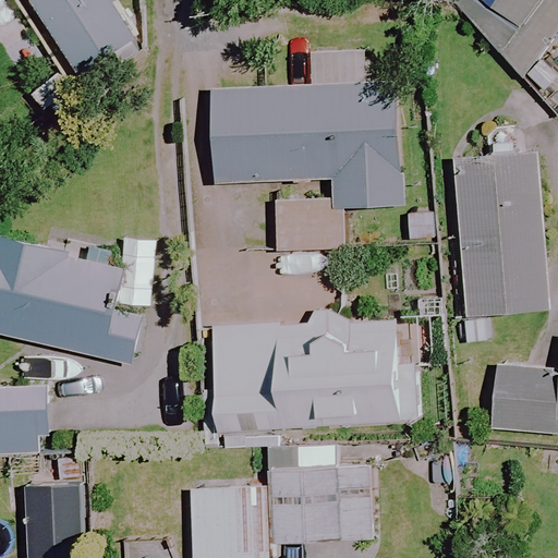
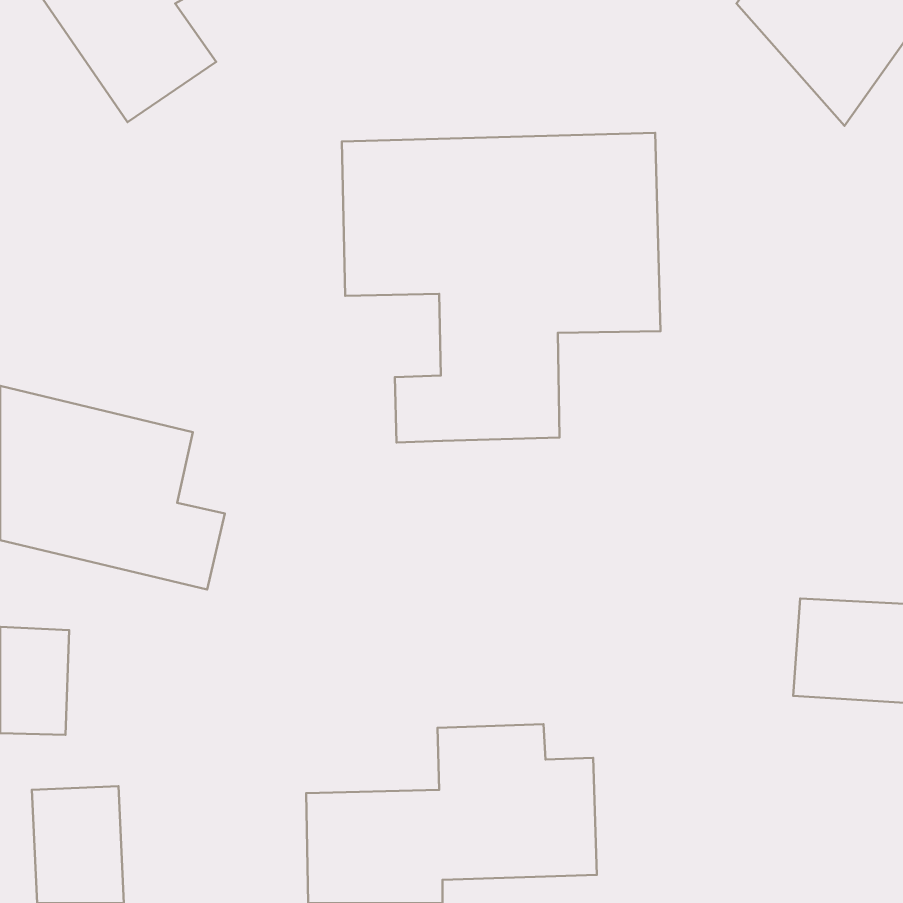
building: [459,154,544,315] -> none
building: [211,322,418,425] -> none

